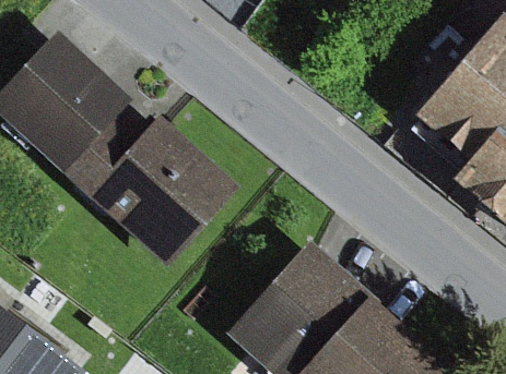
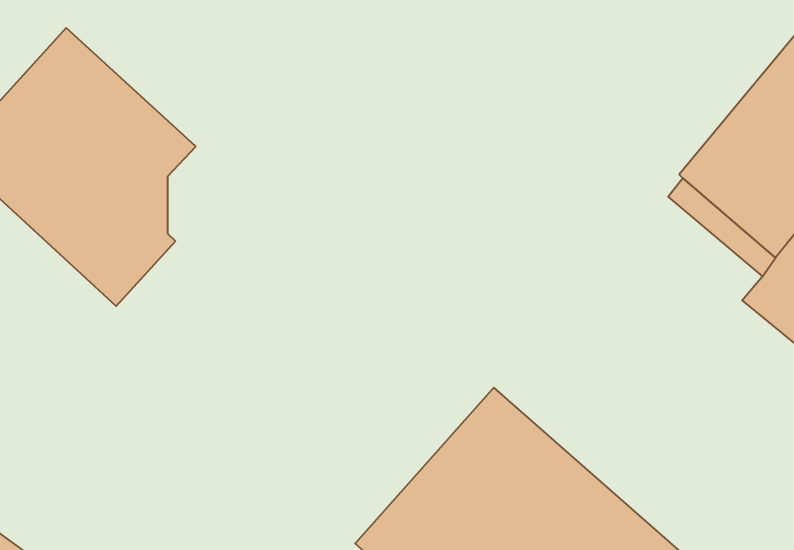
building: [85,114,237,266] -> none

